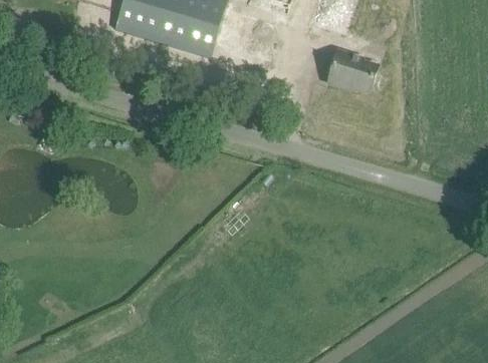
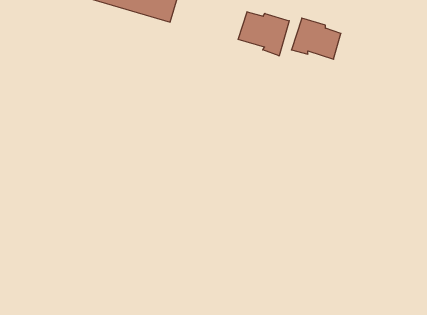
building: none -> [238,12,289,56]

